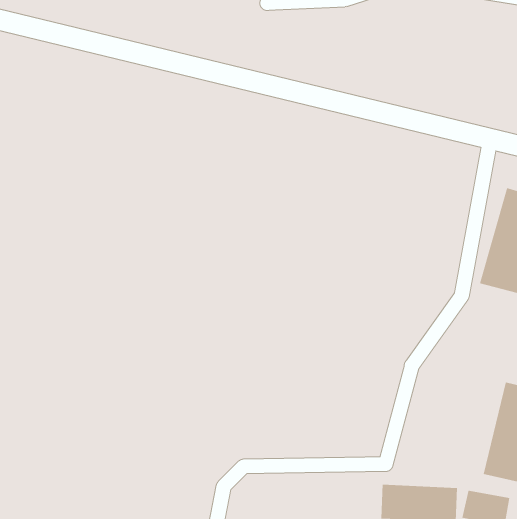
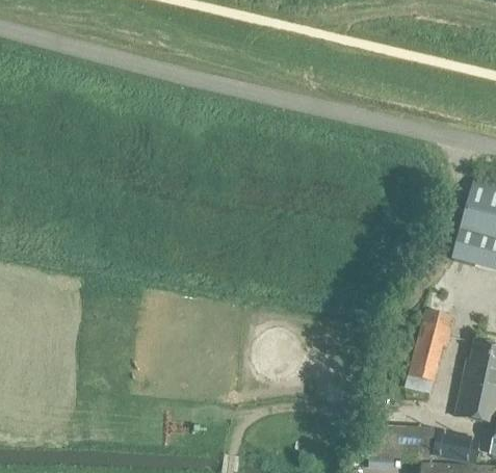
building: none -> [409,318,450,386]

